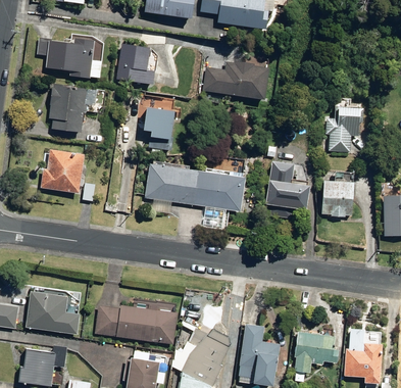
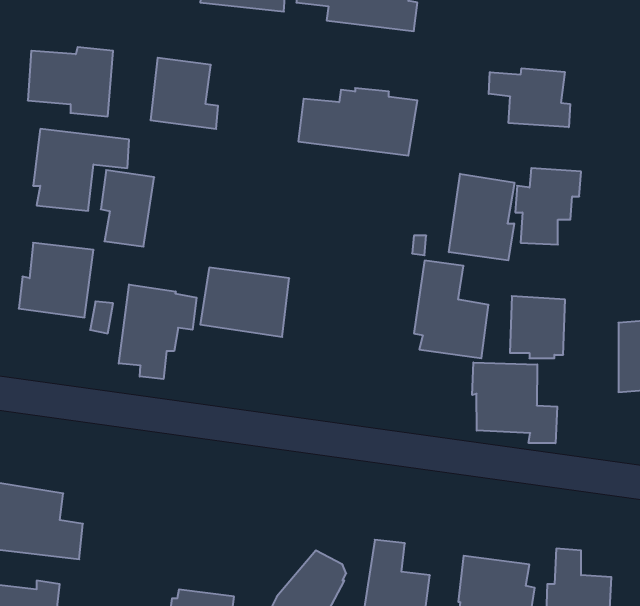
building: none -> [489,68,570,127]
building: [147,107,178,151] -> [101,170,154,247]
building: none -> [449,174,514,260]
building: [193,172,247,211] -> none
building: none -> [119,284,197,379]
building: none -> [472,362,557,443]
building: [94,304,177,344] -> none

